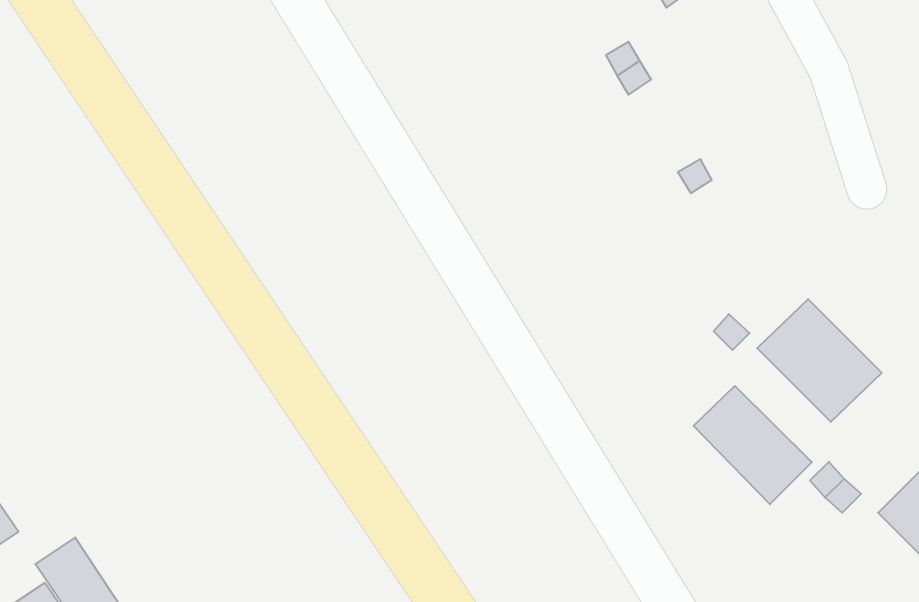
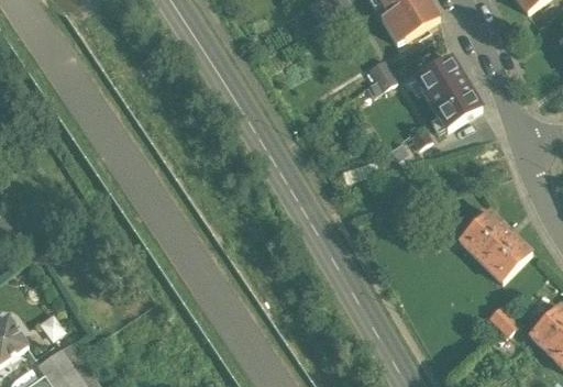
building: none -> [418,58,482,129]
building: [694,386,812,504] -> none

